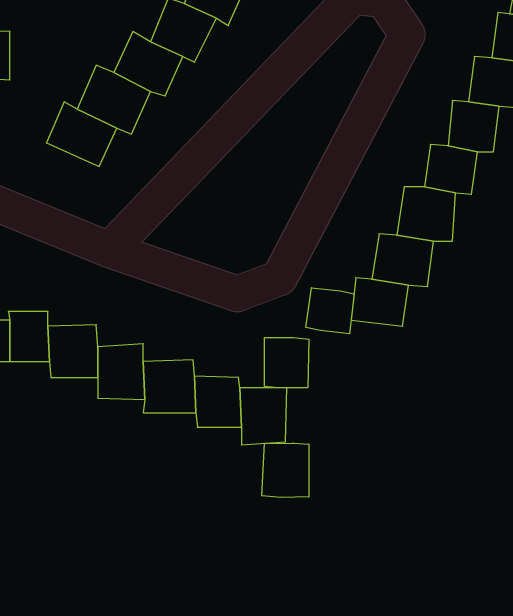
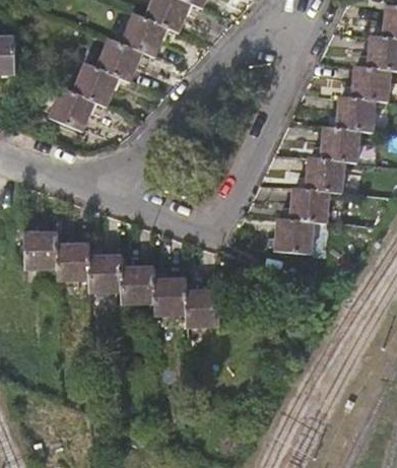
building: [306,288,354,334] -> none
building: [265,338,309,388] -> none
building: [262,443,309,497] -> none

